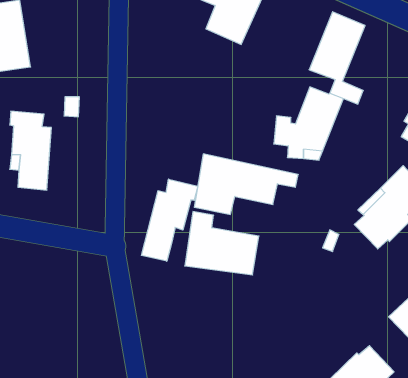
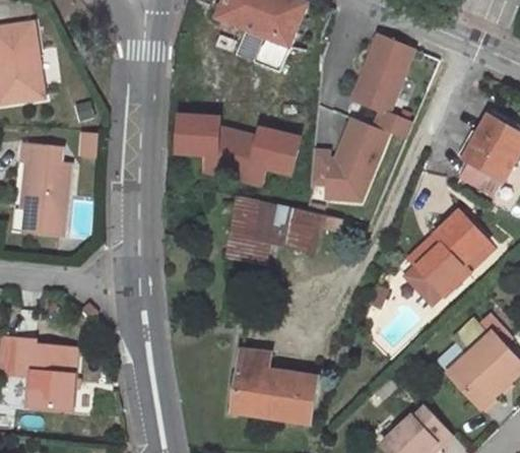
building: none -> [175,112,306,188]
building: [141,179,198,261] -> none
building: [185,212,259,275] -> [234,348,317,419]
building: none -> [13,338,74,407]

